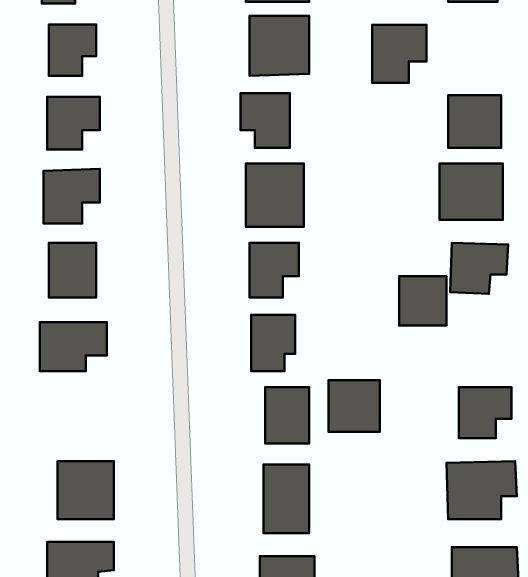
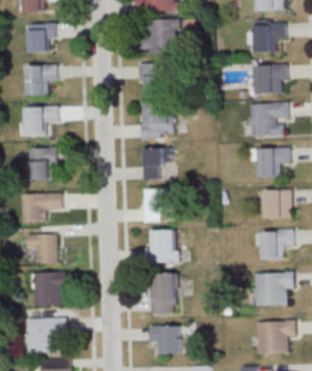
building: [372,25,427,83] -> [253,20,284,53]
building: [399,276,447,326] -> [263,190,290,218]
building: [328,380,380,432] -> none
building: none -> [28,234,57,263]

